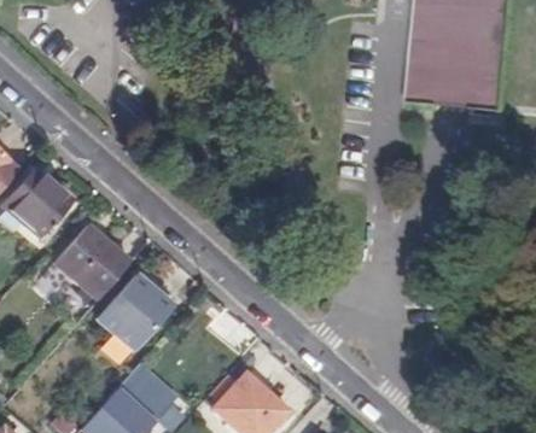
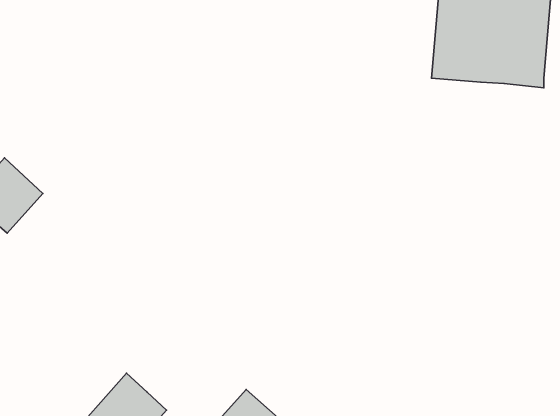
building: [53,224,129,300] -> none
building: [97,274,170,350] -> none

